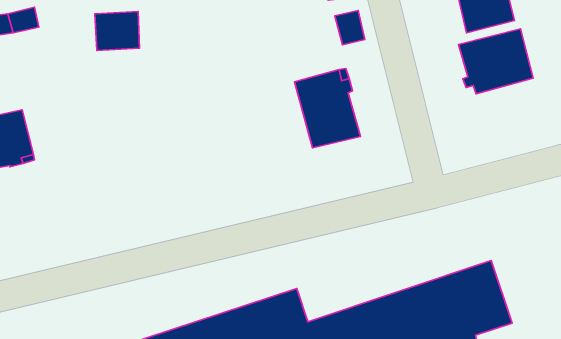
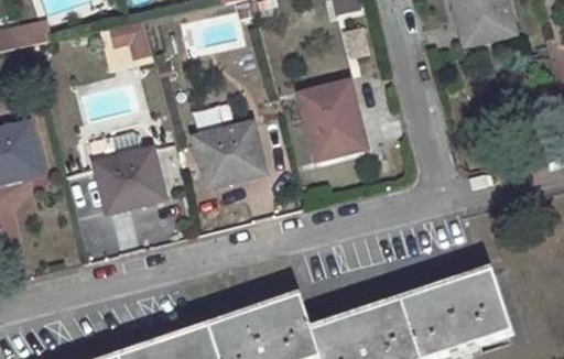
building: [458,29,533,94] -> none
building: none -> [194,124,263,187]
building: none -> [90,132,163,211]

